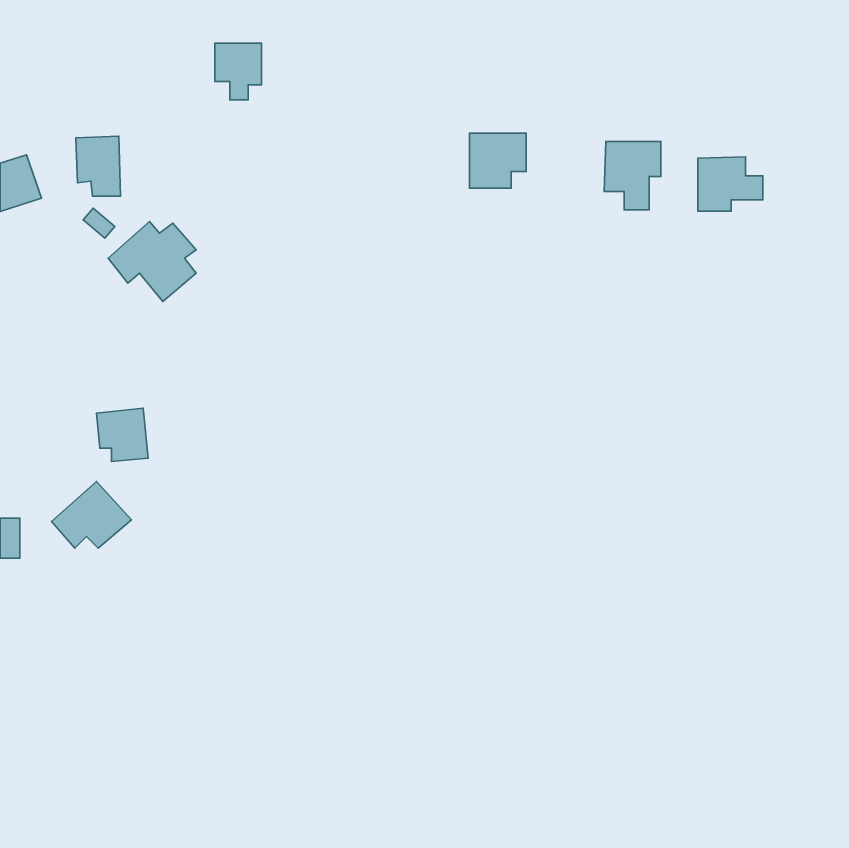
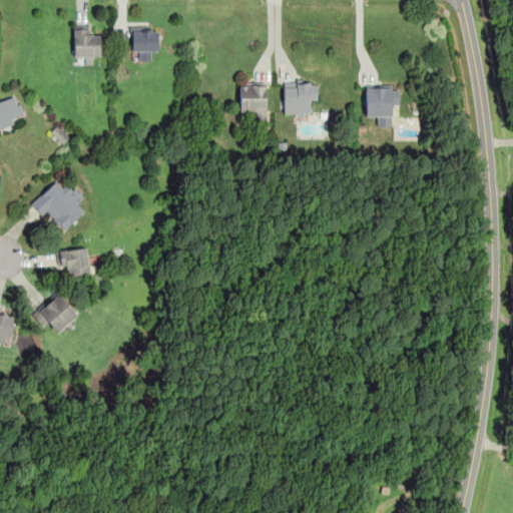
building: [76,136,121,196] -> [73,29,100,65]
building: none -> [240,85,266,122]
building: [698,157,763,211] -> none
building: [108,221,196,301] -> [31,182,84,230]

